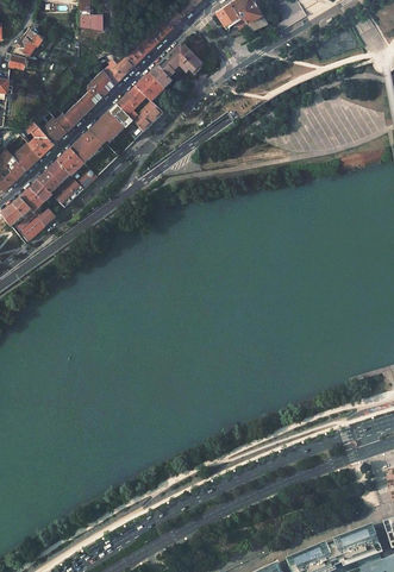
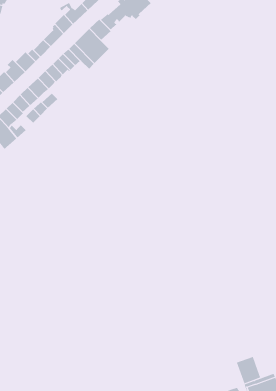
building: none -> [236,356,261,384]

